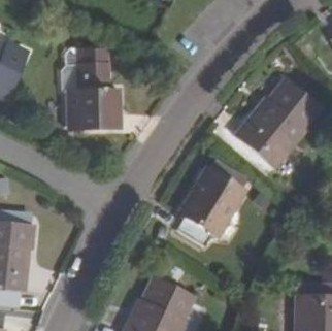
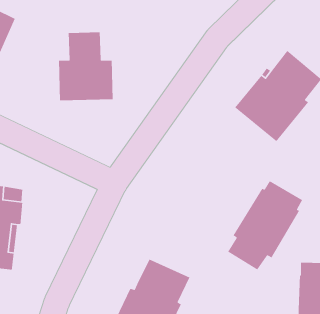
building: [174,161,246,246] -> [227,180,303,270]

